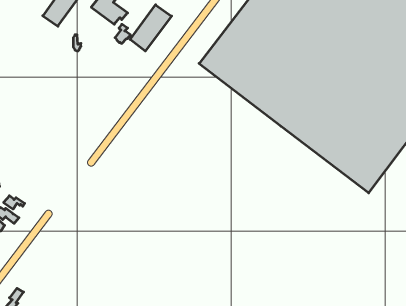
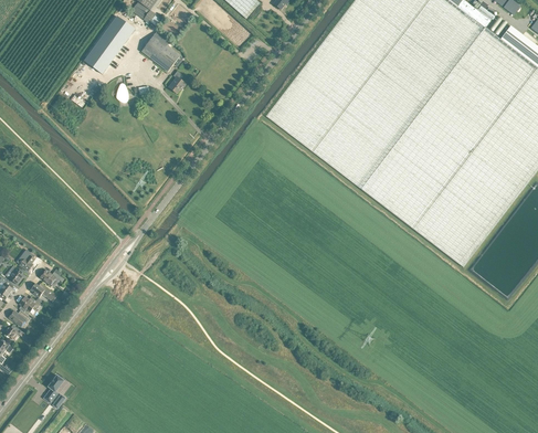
building: [130,5,172,51] -> none

